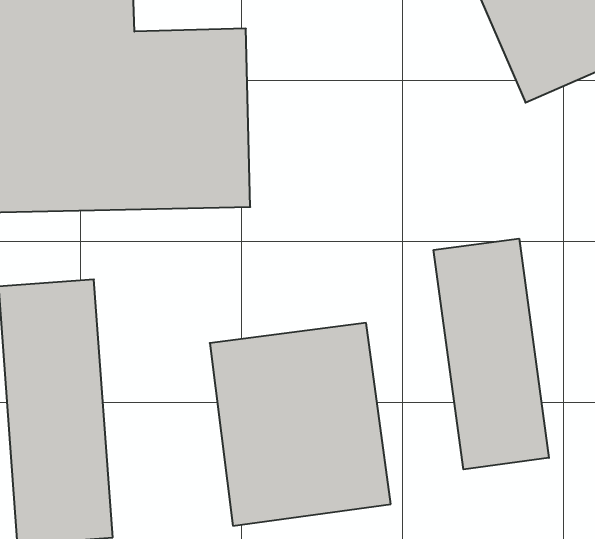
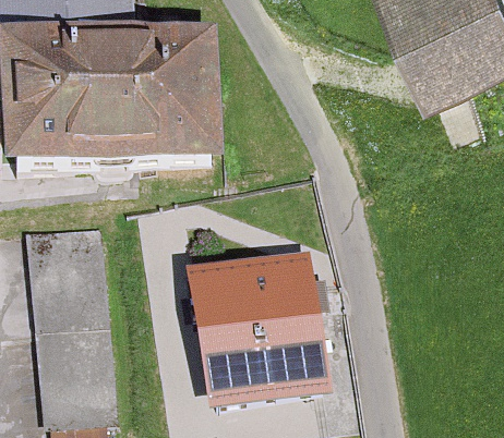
building: [434,239,549,469] -> none

